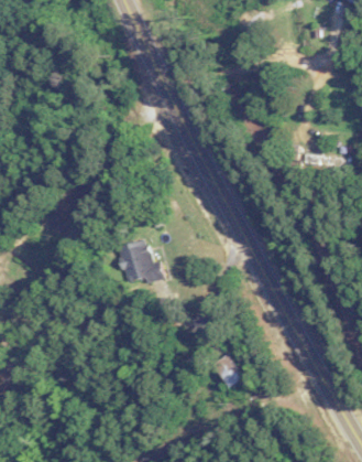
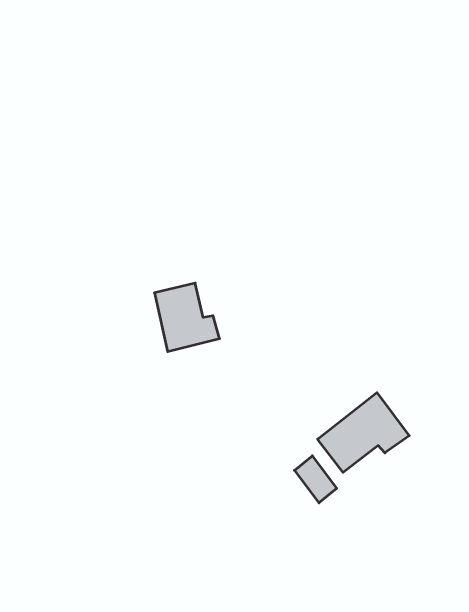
building: none -> [318,393,409,472]

